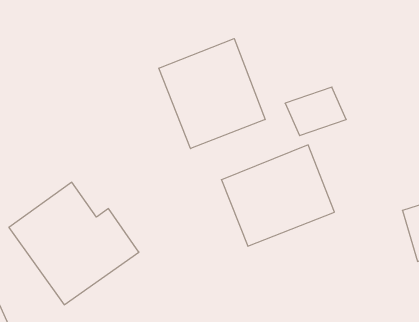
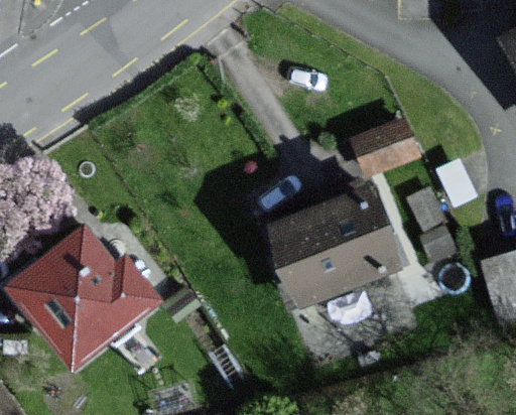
building: [159,39,265,149] -> none

